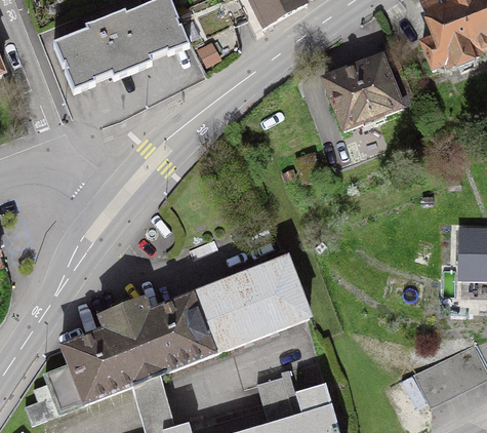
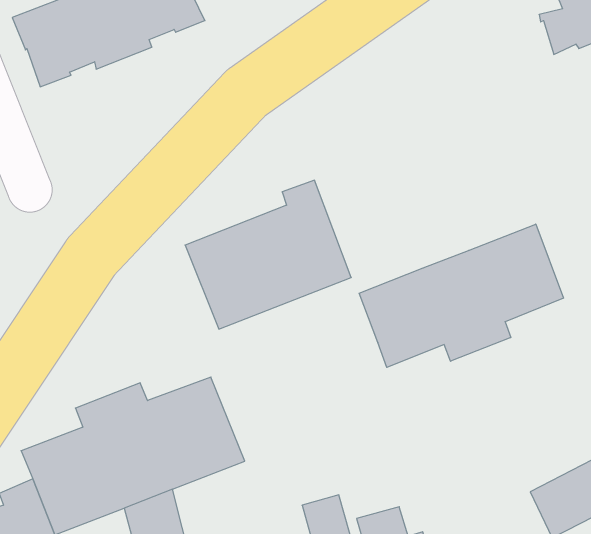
building: [323,52,413,130] -> none
building: none -> [359,224,563,367]
building: [192,249,308,353] -> [185,180,351,329]

